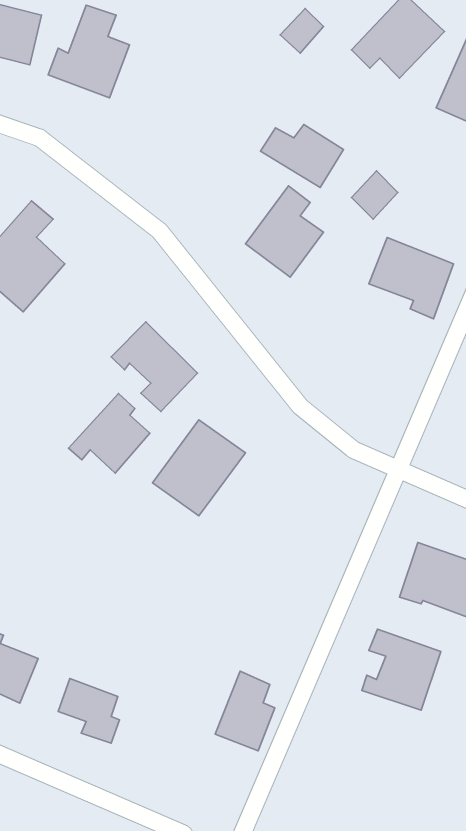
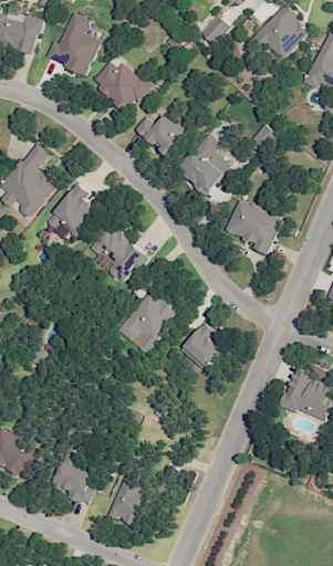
building: none -> [90,54,149,112]
building: [261,125,344,188] -> [133,114,188,156]
building: [369,237,453,319] -> [225,200,281,254]
building: [69,393,150,473] -> [44,184,98,237]
building: none -> [179,322,225,371]
building: [362,629,441,710] -> none
building: [215,671,275,751] -> [107,471,147,524]

